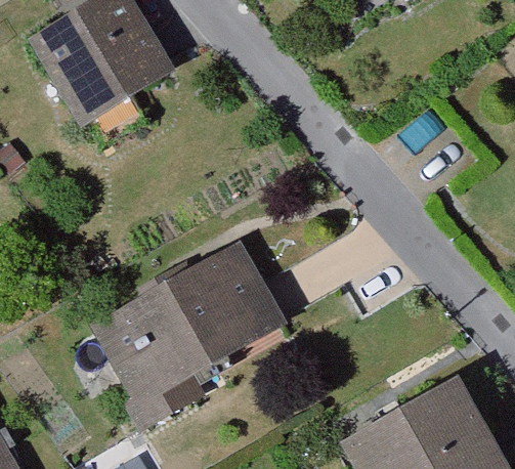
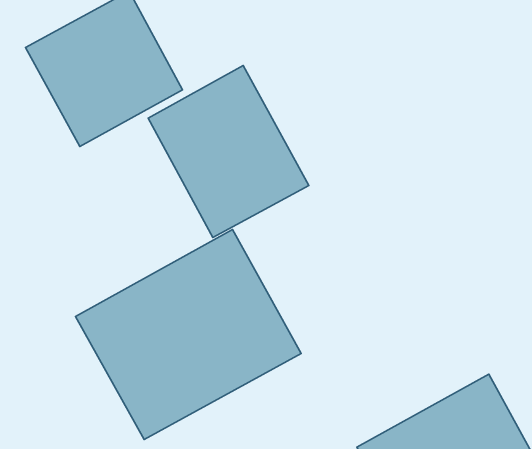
building: none -> [148,65,309,238]

